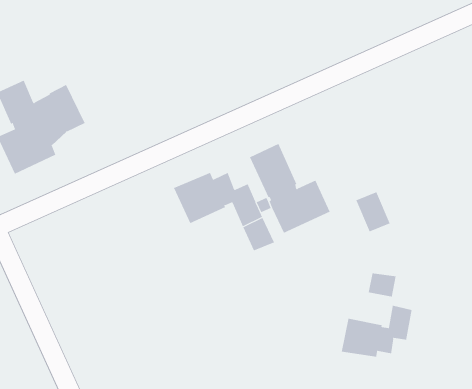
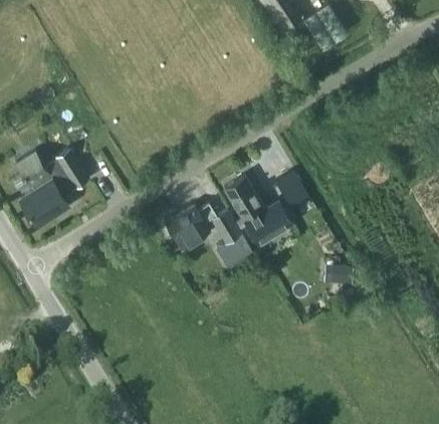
building: [356,192,390,232] -> [275,173,305,206]
building: [341,305,412,358] -> none

